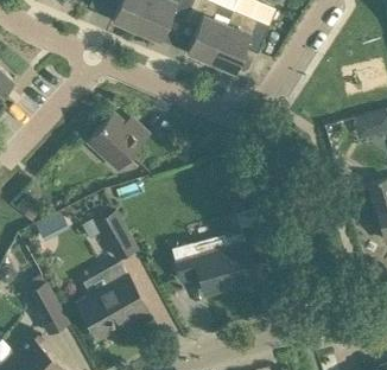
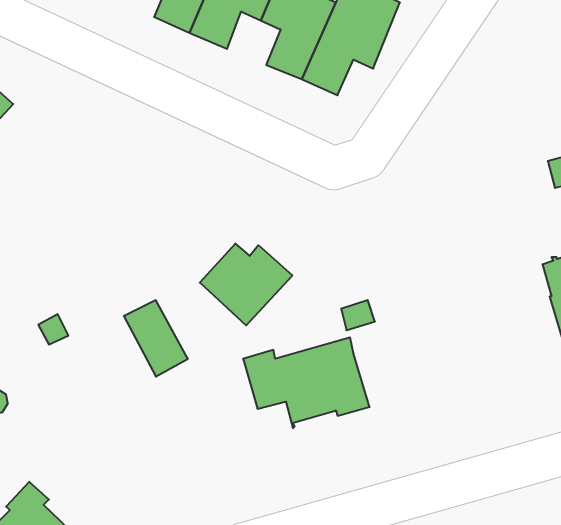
building: [88,115,150,170] -> [200,243,292,325]
building: [78,262,147,338] -> none
building: [26,285,68,333] -> none

